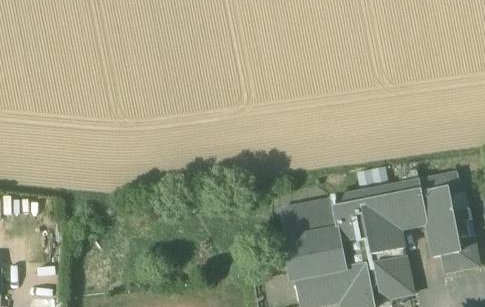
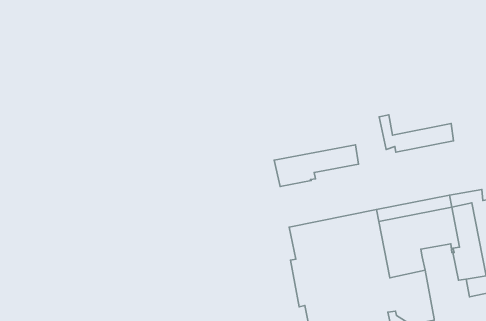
building: none -> [379,115,454,152]
building: none -> [274,145,358,186]

